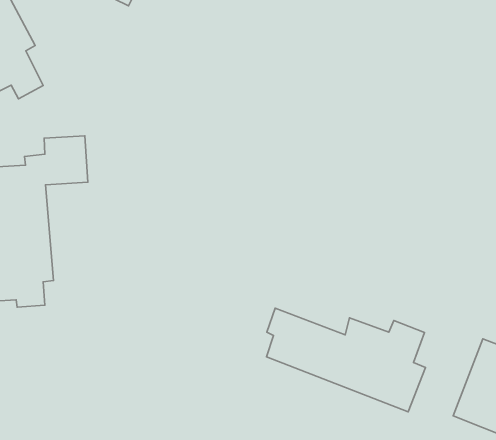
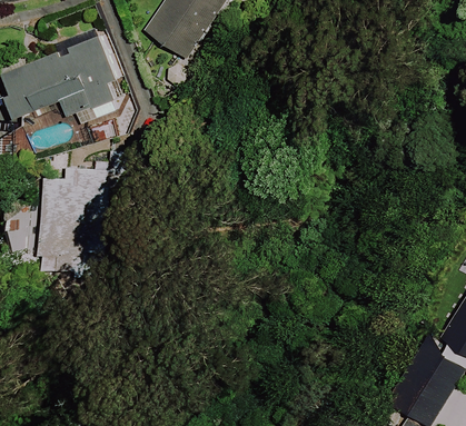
building: [267,308,426,412] -> none

